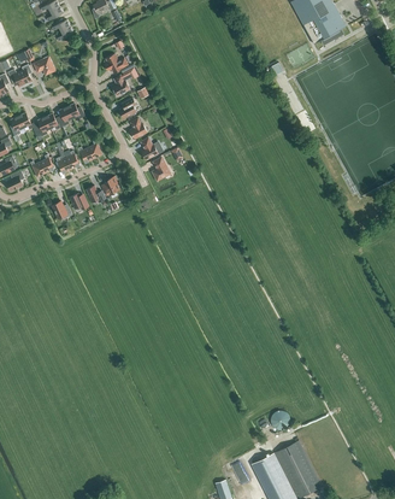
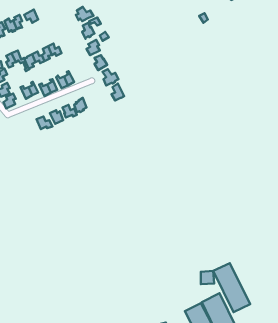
building: none -> [213,263,250,312]

